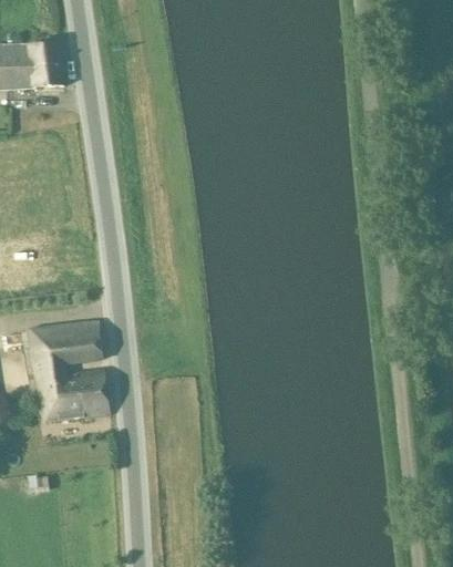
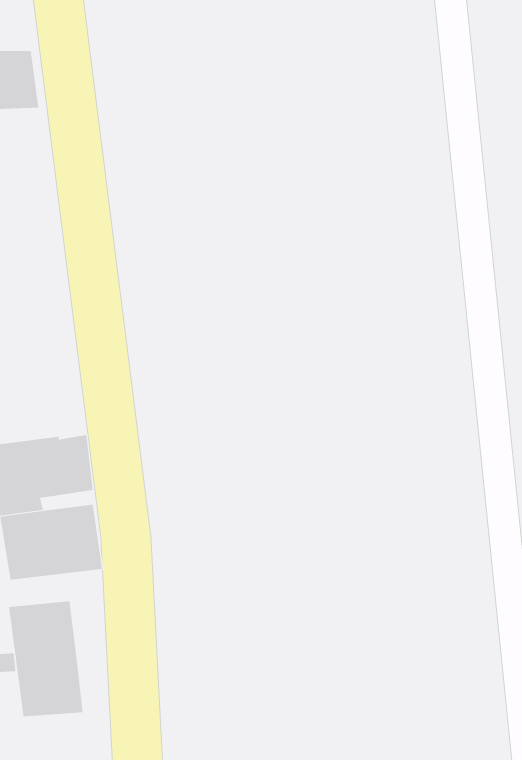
building: none -> [9,600,83,717]

